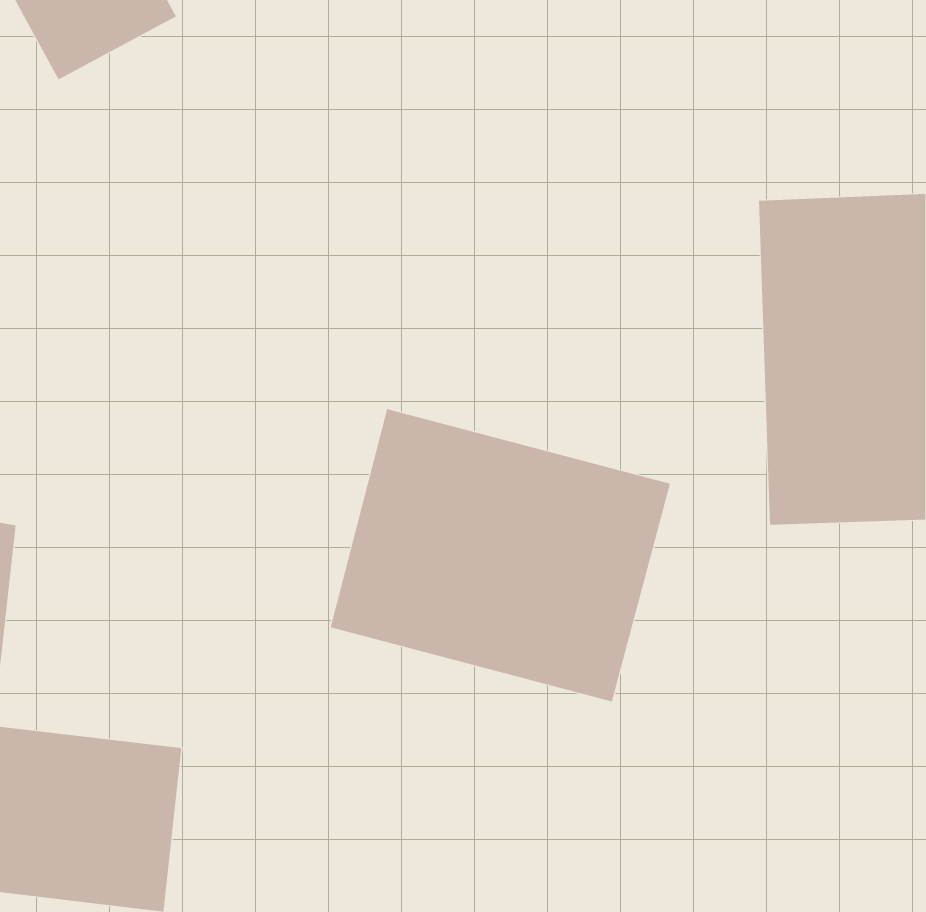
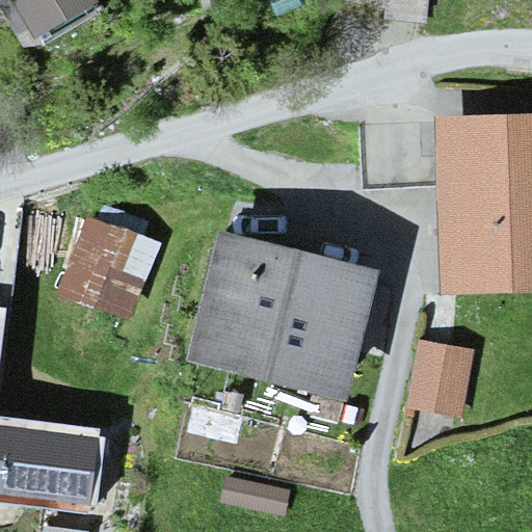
building: none -> [54,208,161,320]
building: none -> [406,339,475,418]

